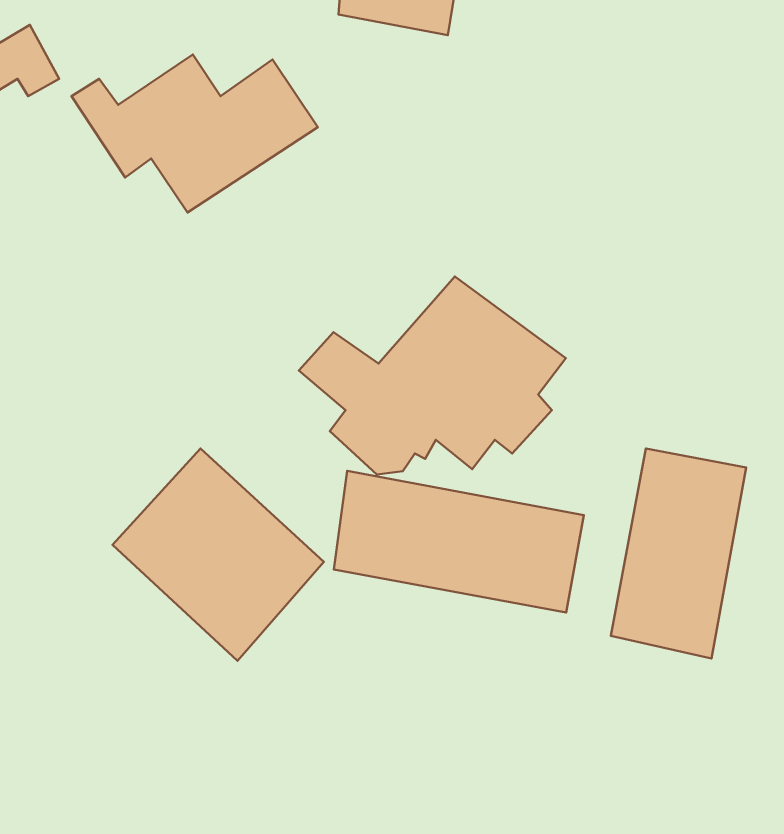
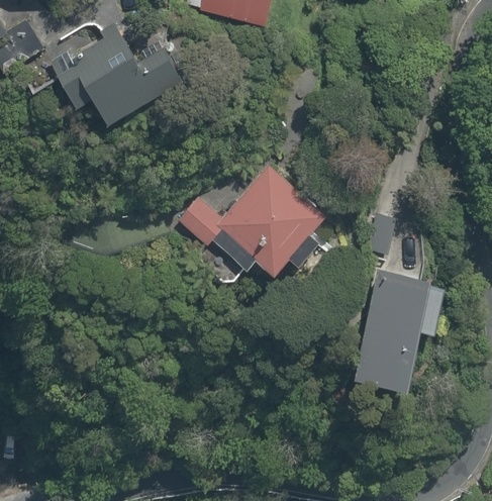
building: [112,448,324,661] -> none
building: [334,471,584,612] -> none

